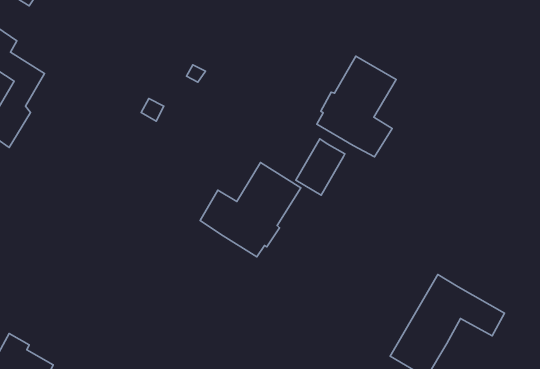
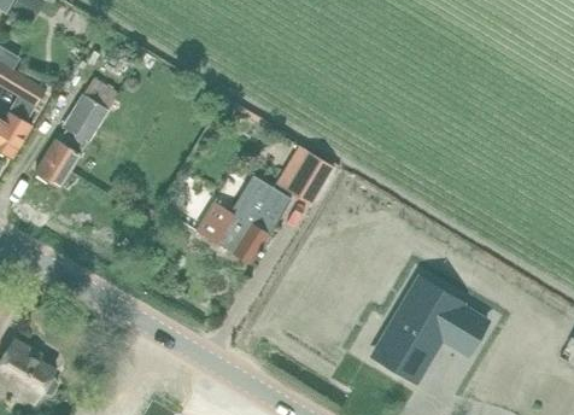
building: [317,56,396,157] -> none
building: none -> [33,77,117,189]

